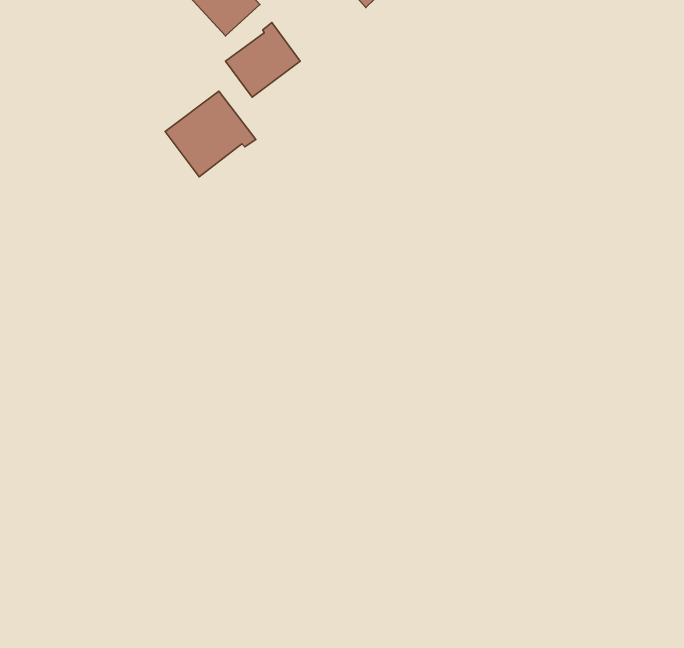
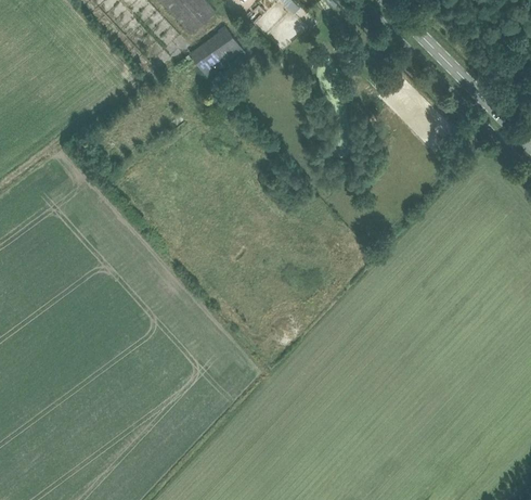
building: [165,91,256,177] -> none

